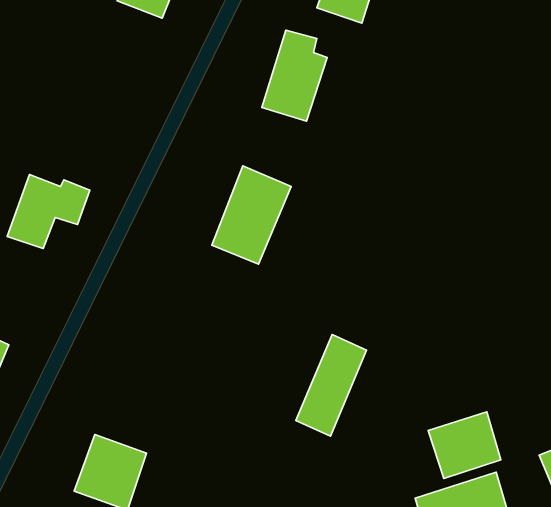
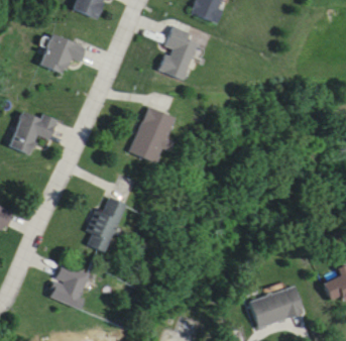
building: none -> [39,33,87,75]
building: [296,335,367,436] -> [86,194,127,253]
building: [428,412,501,478] -> none

